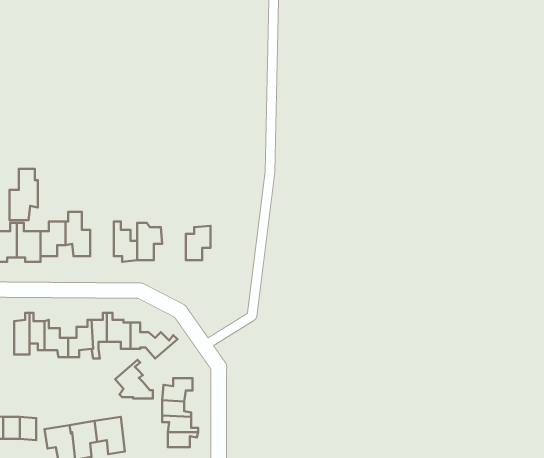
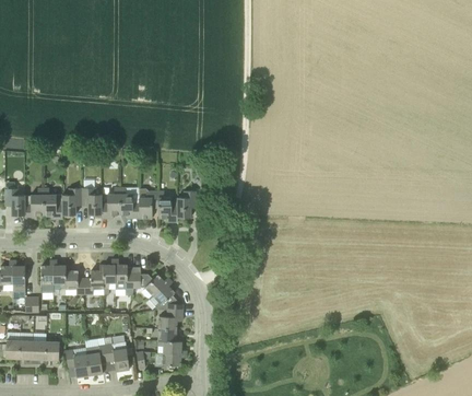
building: [9,169,38,220] -> none
building: none -> [102,187,120,219]
building: none -> [157,191,178,222]
building: [115,360,153,399] -> [153,280,182,311]

